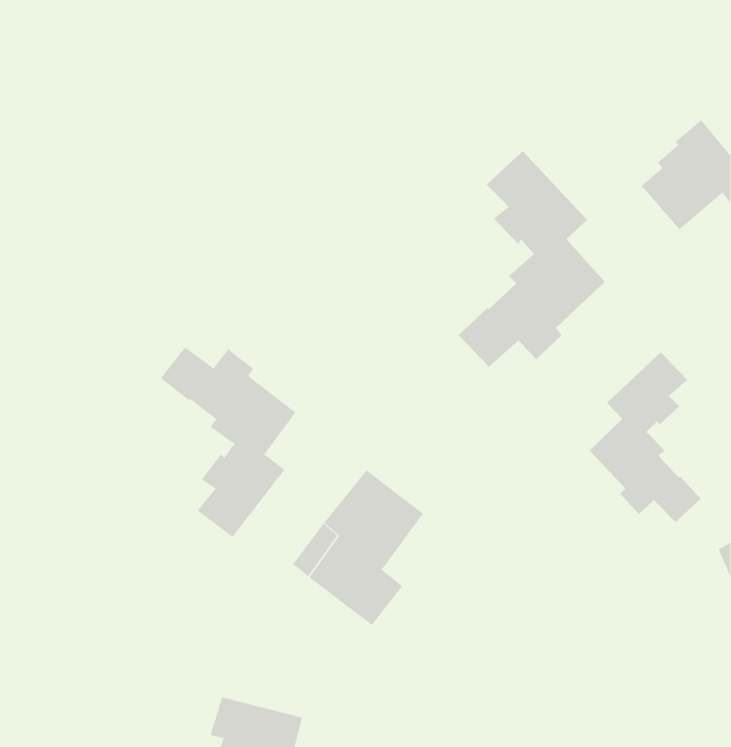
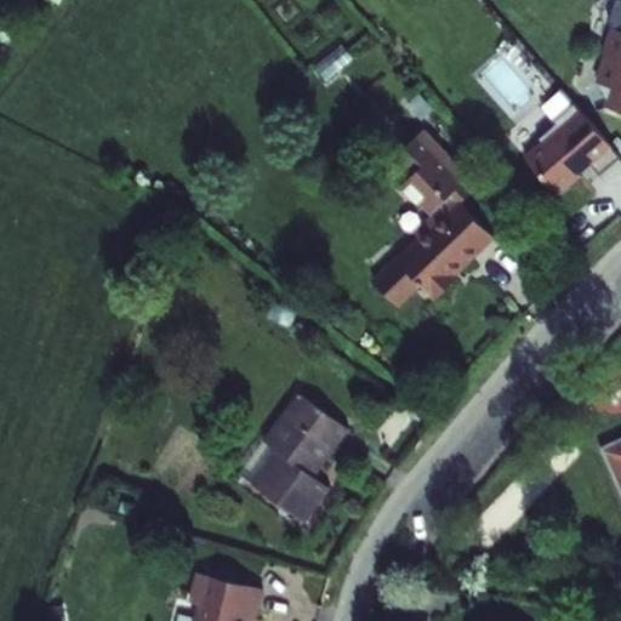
building: [160,347,296,538] -> none
building: [589,351,702,523] -> none

